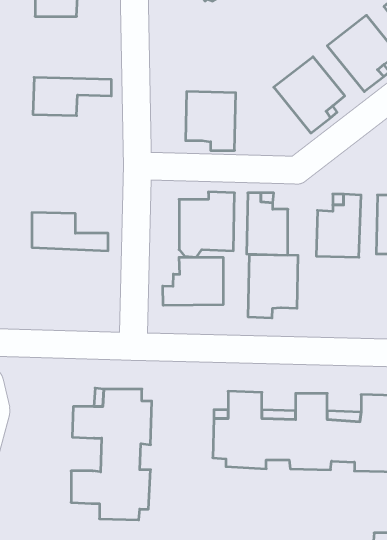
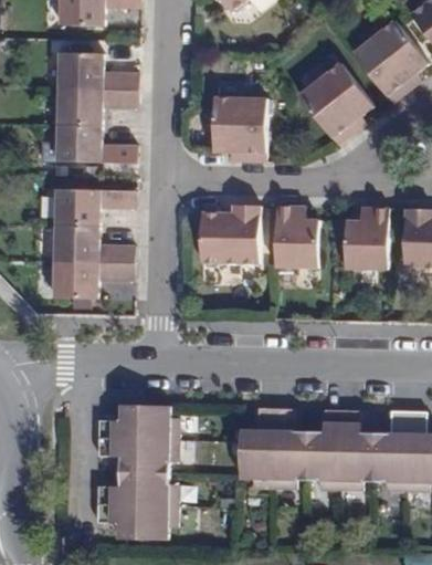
building: none -> [57,52,137,90]
building: none -> [56,125,135,164]
building: none -> [55,191,134,226]
building: none -> [55,260,133,300]
building: [248,254,298,318] -> none
building: [163,257,223,305] -> none

